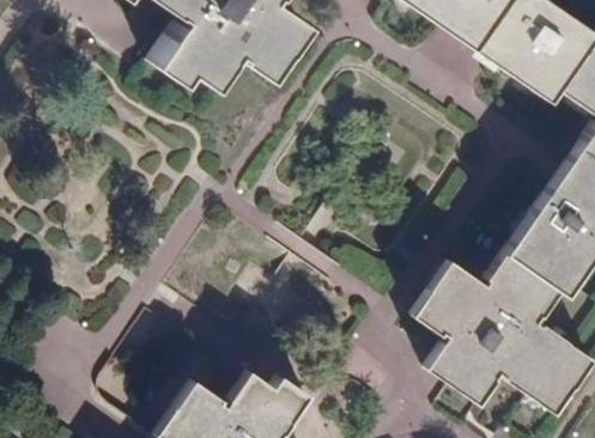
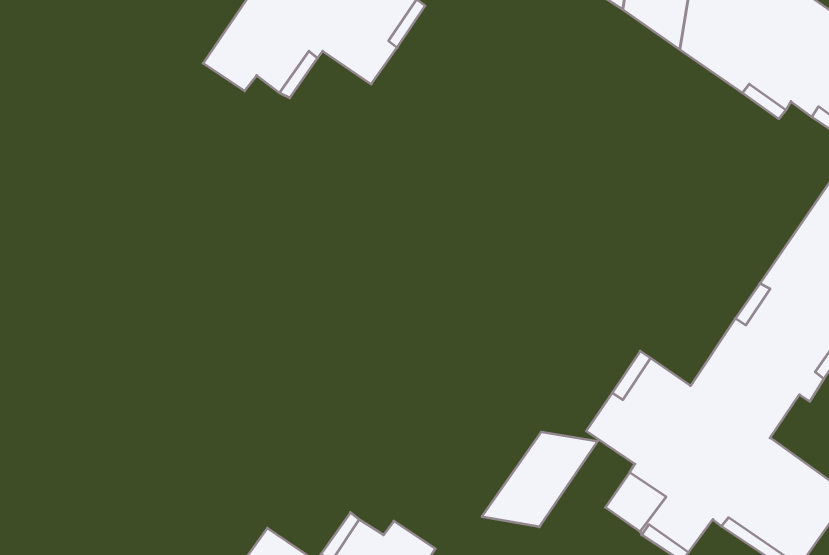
building: none -> [482,432,598,527]

